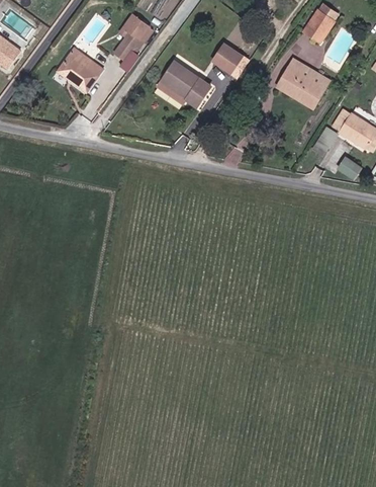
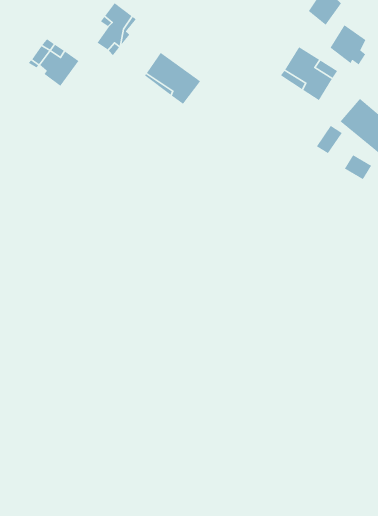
building: none -> [330,24,366,66]
building: [208,40,238,69] -> none

